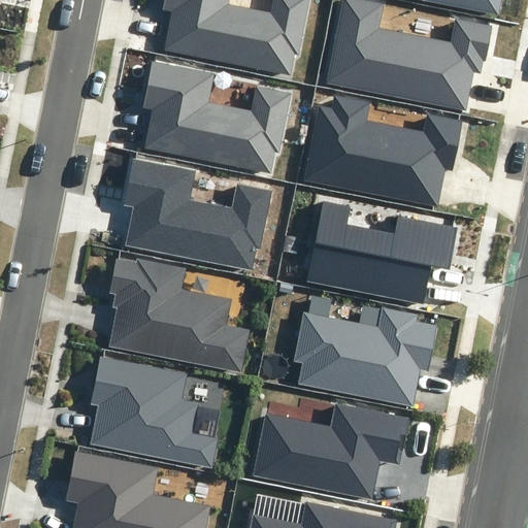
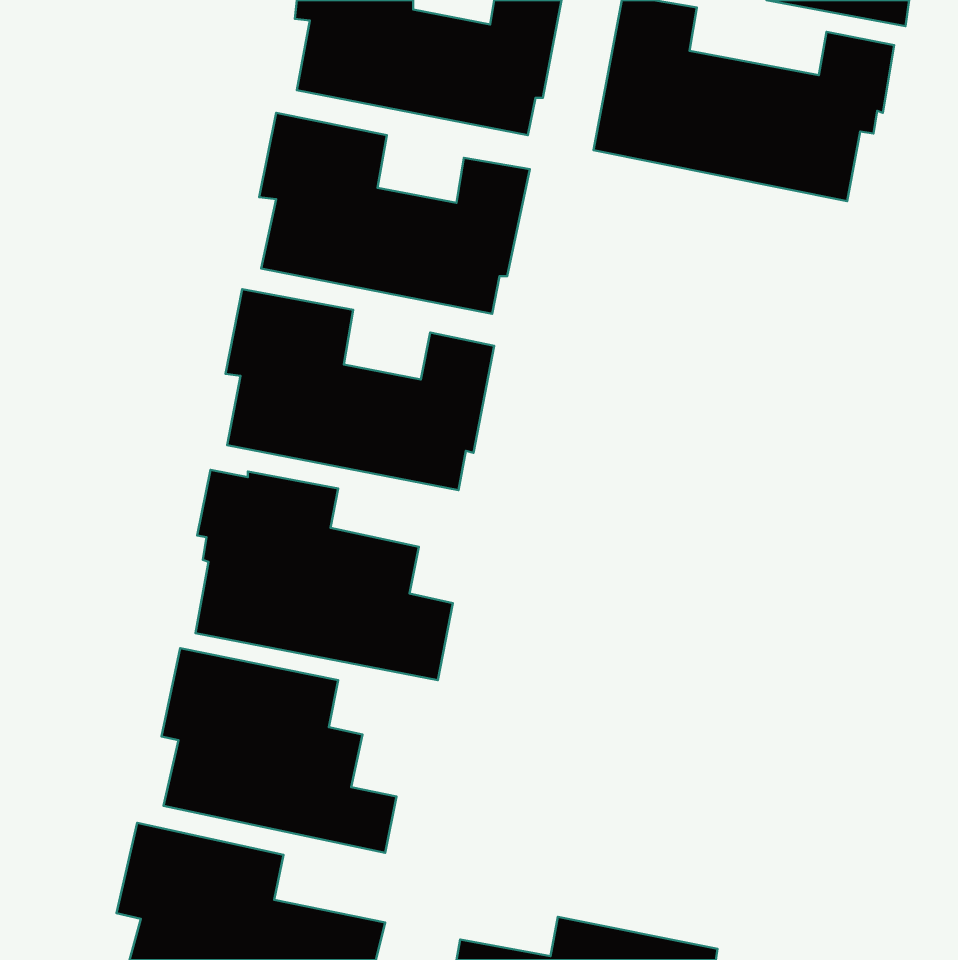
building: [303,97,463,207] -> none
building: [307,201,457,302] -> none
building: [293,308,436,406] -> none
building: [252,402,408,499] -> none

